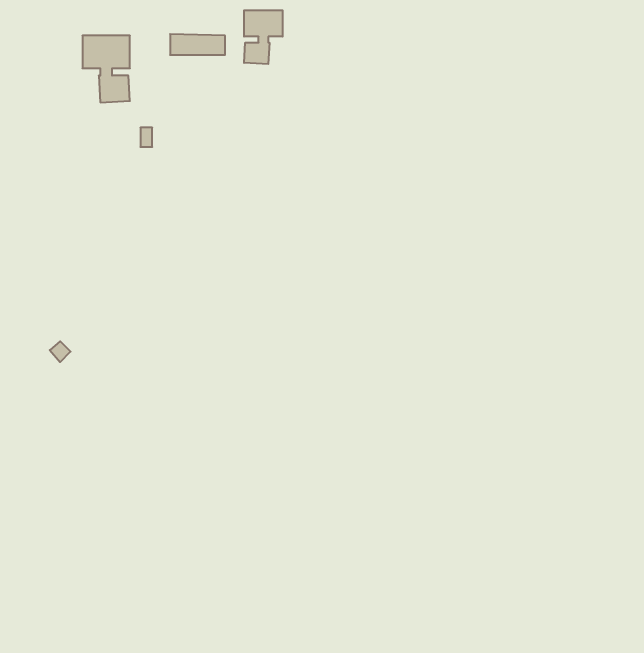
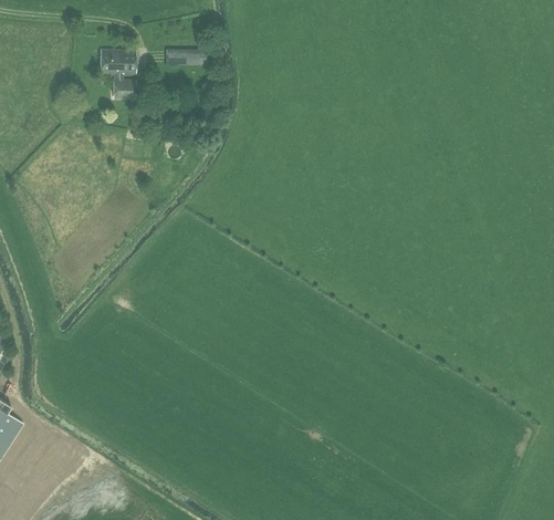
building: [244,10,283,64] -> none

